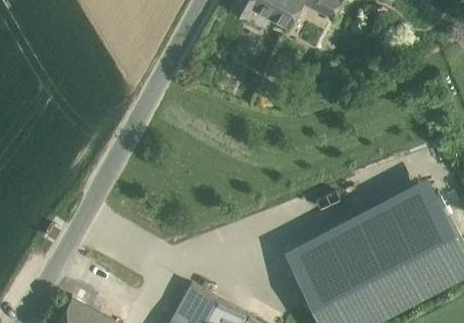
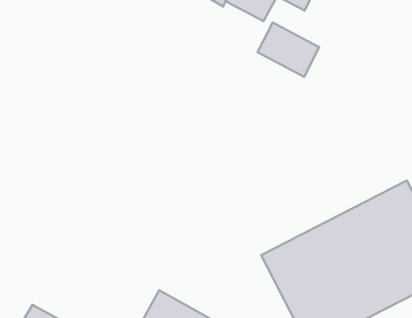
building: none -> [258,22,319,77]

